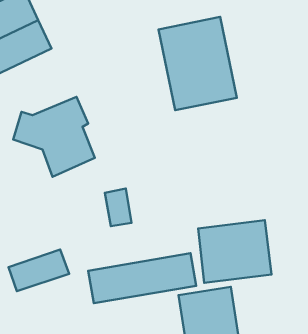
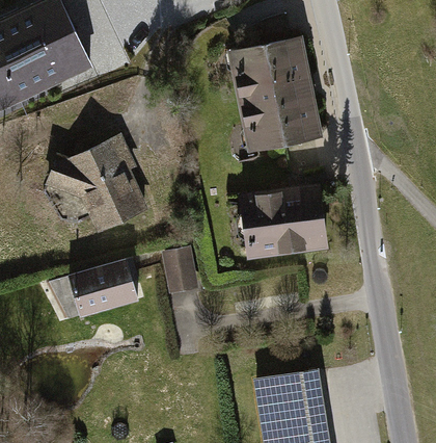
building: [198,220,272,283] -> [239,182,330,260]
building: [8,250,69,291] -> [62,264,138,316]
building: [88,253,196,303] -> none

